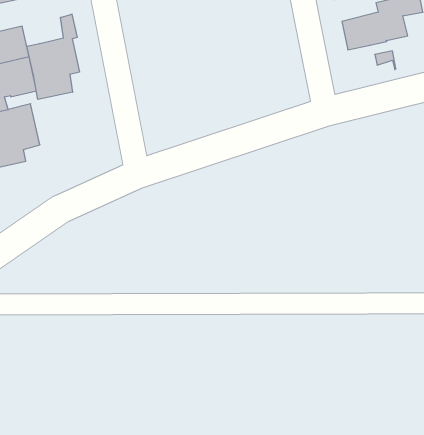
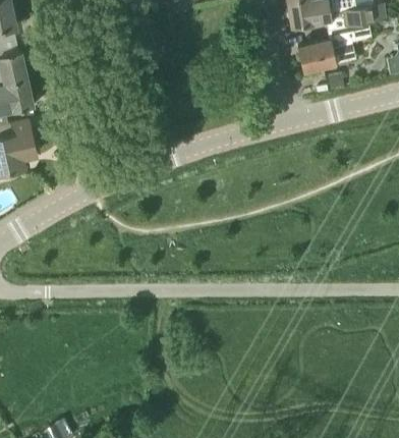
building: [27,14,79,99] -> none

